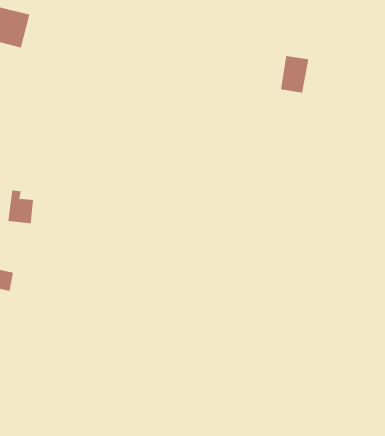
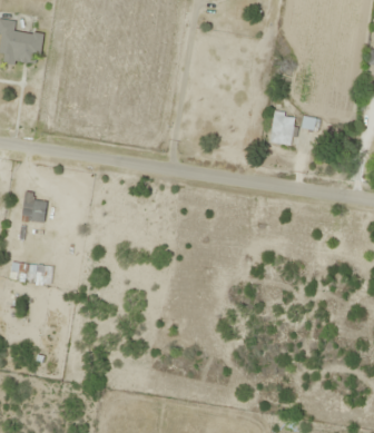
building: [280,56,309,93] -> [269,111,295,145]

